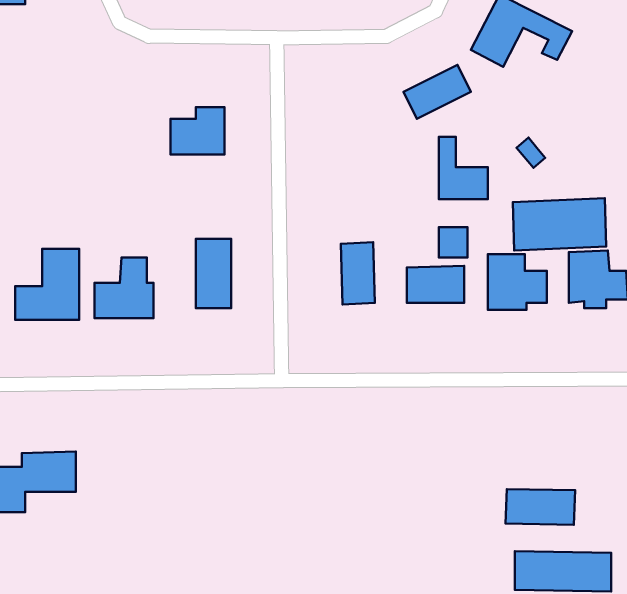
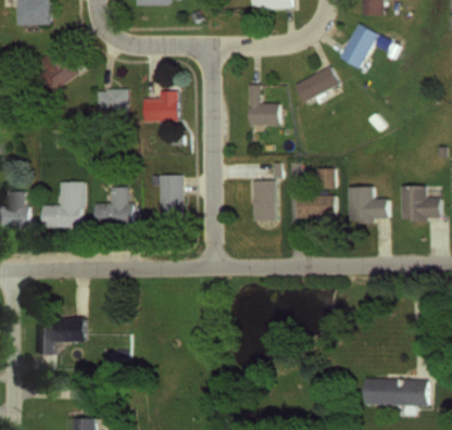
building: none -> [40,48,79,94]
building: none -> [99,90,129,114]
building: [439,137,488,199] -> [248,84,279,124]
building: [513,198,606,250] -> none
building: [505,489,575,525] -> none

